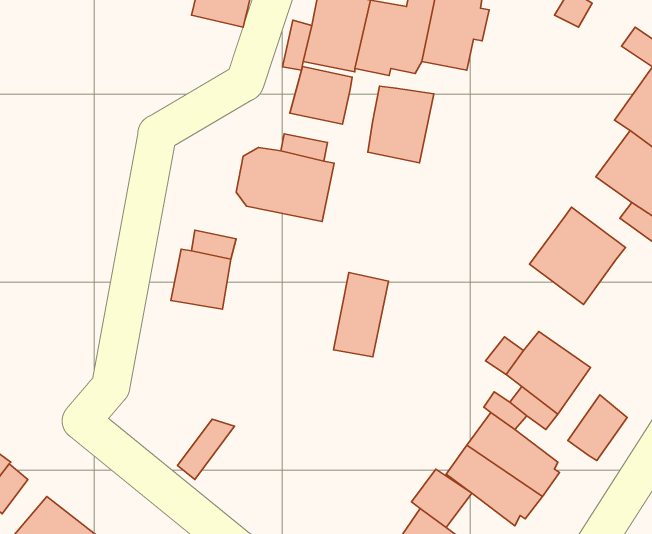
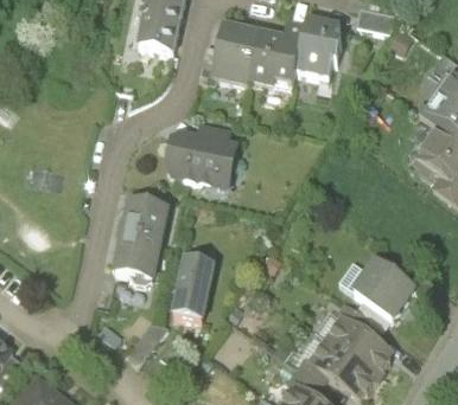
building: [290,67,352,124] -> none
building: [368,86,434,163] -> none
building: [530,207,626,304] -> none
building: [333,273,388,357] -> [173,262,211,320]
building: none -> [112,240,158,284]
building: [568,395,627,461] -> none

